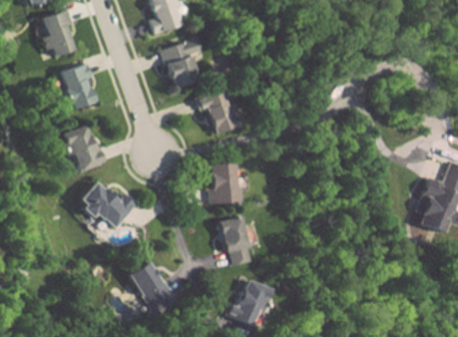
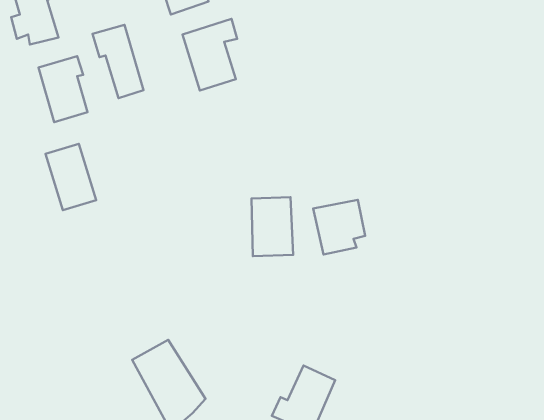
building: none -> [93,25,143,98]
building: [196,89,240,133] -> none
building: [81,182,137,230] -> none
building: [218,215,255,253] -> [313,200,365,255]

